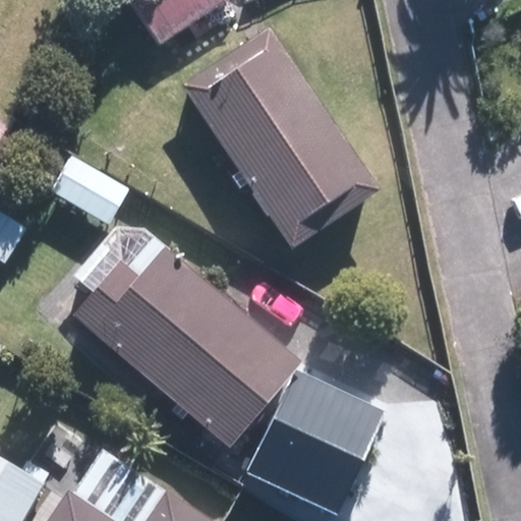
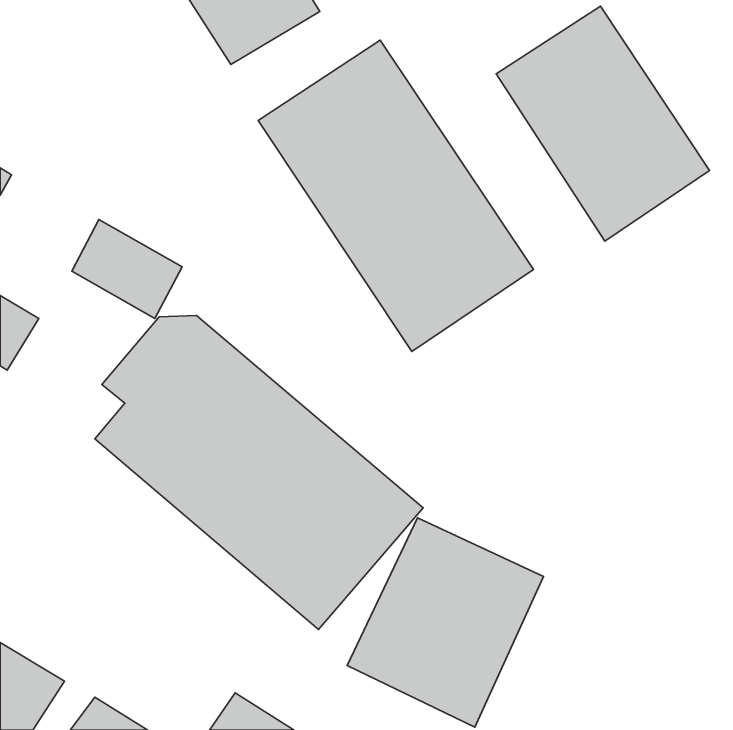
building: none -> [496,6,710,241]

